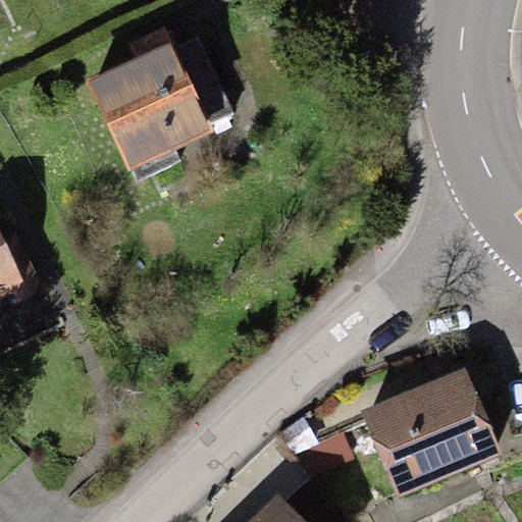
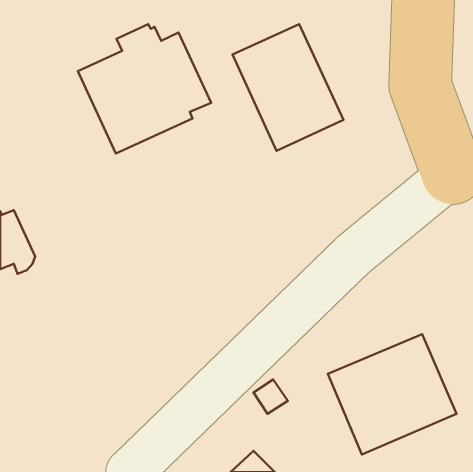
building: none -> [232,24,344,151]

